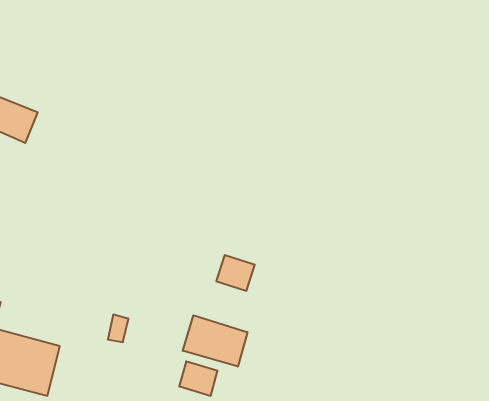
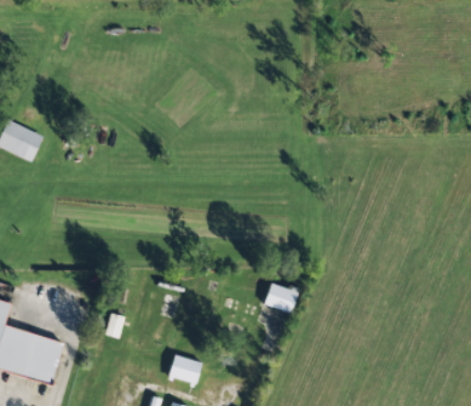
building: [216,255,255,291] -> [264,281,298,313]
building: [183,315,247,367] -> none

